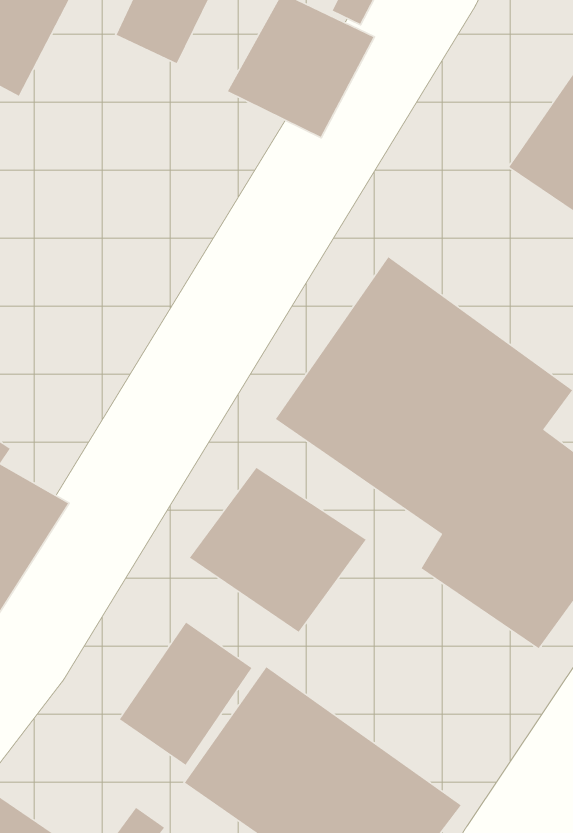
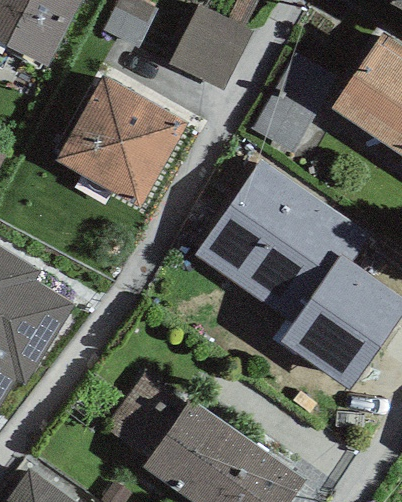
building: none -> [55,74,188,207]
building: [189,467,367,633] -> none

